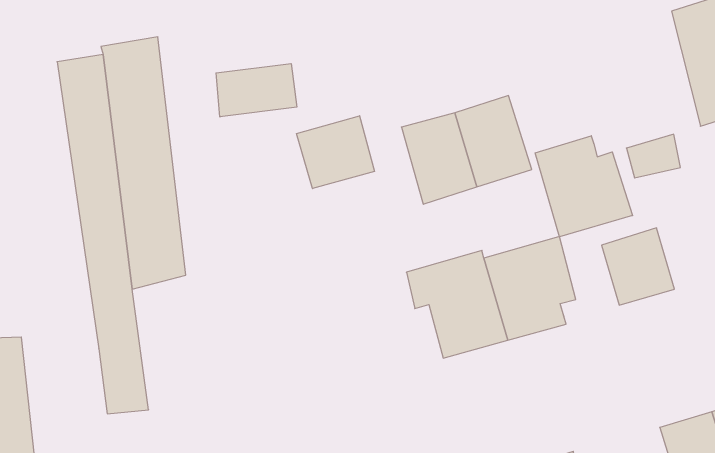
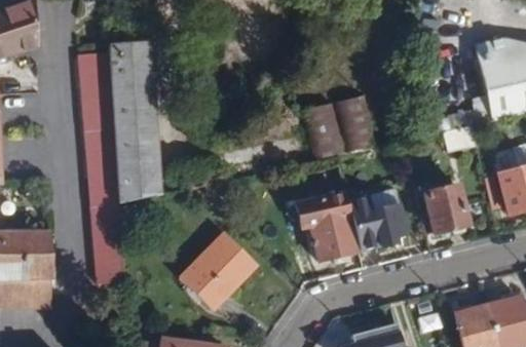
building: [216,64,297,117] -> none
building: [297,116,374,189] -> none
building: [535,136,633,237] -> none
building: none -> [183,234,256,308]

